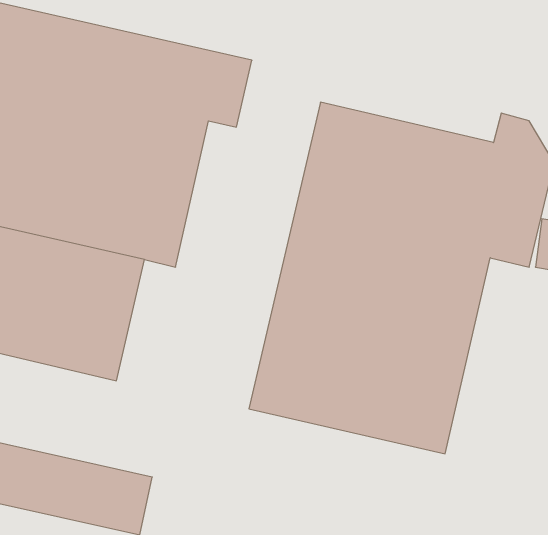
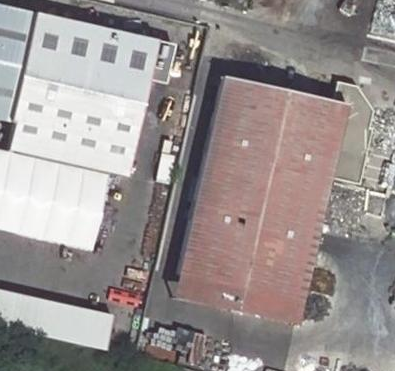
building: none -> [171,270,303,324]

